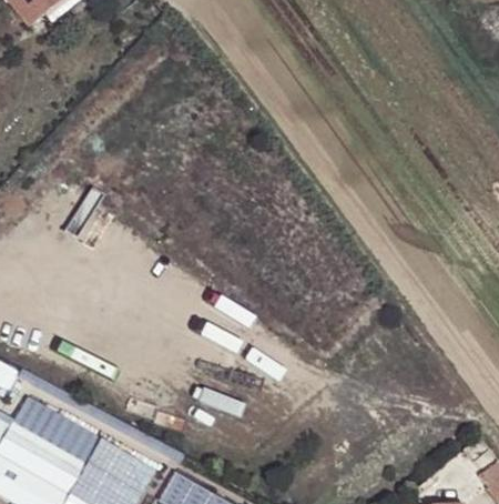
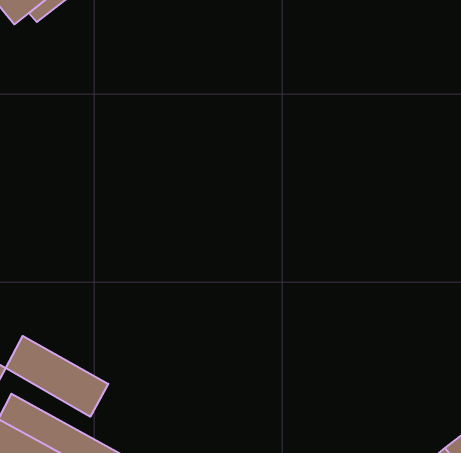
building: none -> [6,336,108,417]

